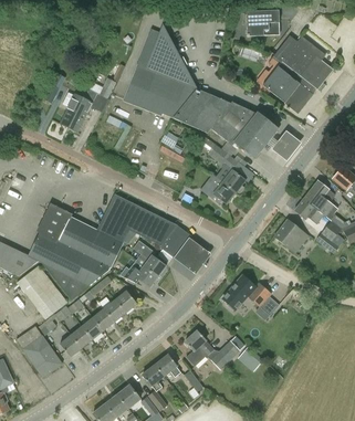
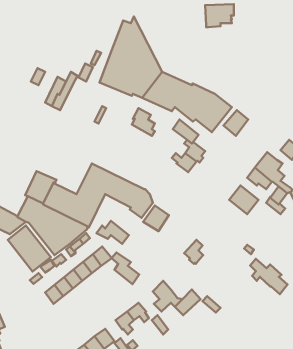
building: [262,34,332,113] -> none
building: [133,240,165,276] -> [112,253,139,284]
building: [236,274,279,315] -> [250,259,287,294]
building: [17,326,61,376] -> none

